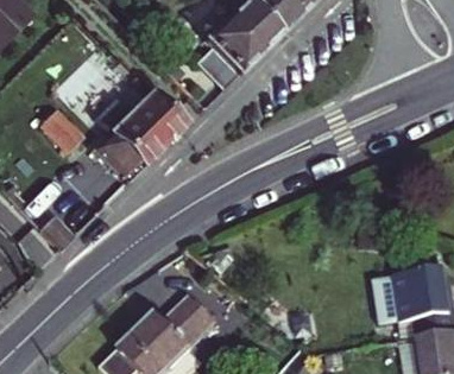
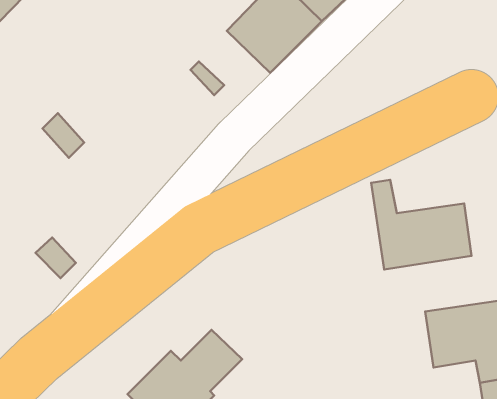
building: [93,88,189,183] -> none
building: none -> [371,180,472,270]

